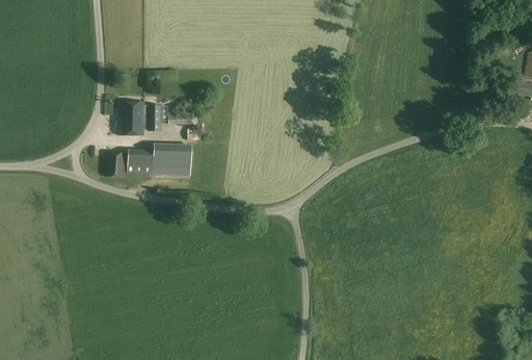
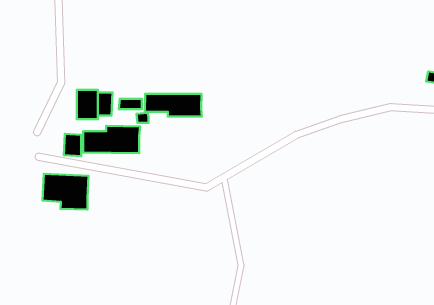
building: none -> [145,94,202,117]
building: none -> [42,174,89,210]

